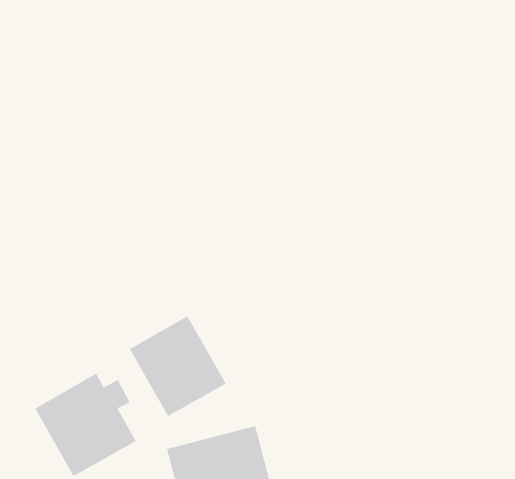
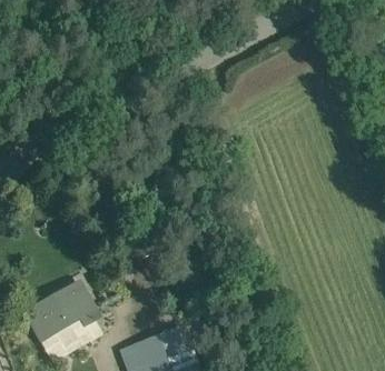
building: [129,316,226,417] -> none

